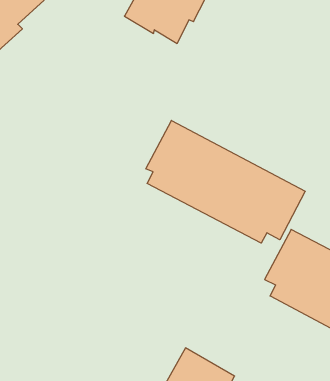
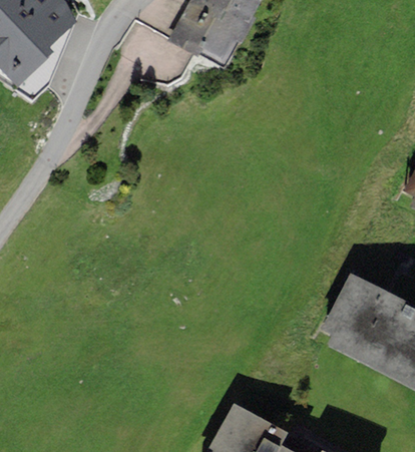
building: [146,120,305,243] -> none

